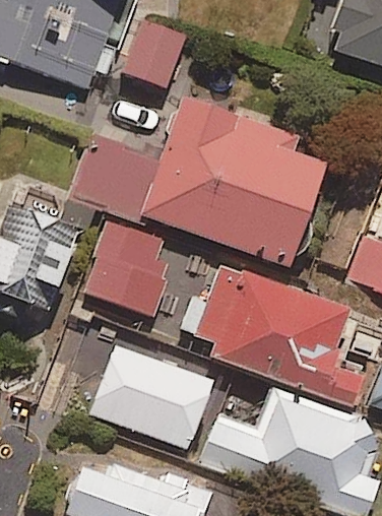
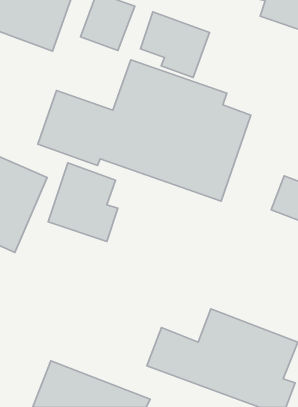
building: none -> [141,12,210,77]
building: [180,264,364,406] -> none
building: [90,348,211,449] -> none

